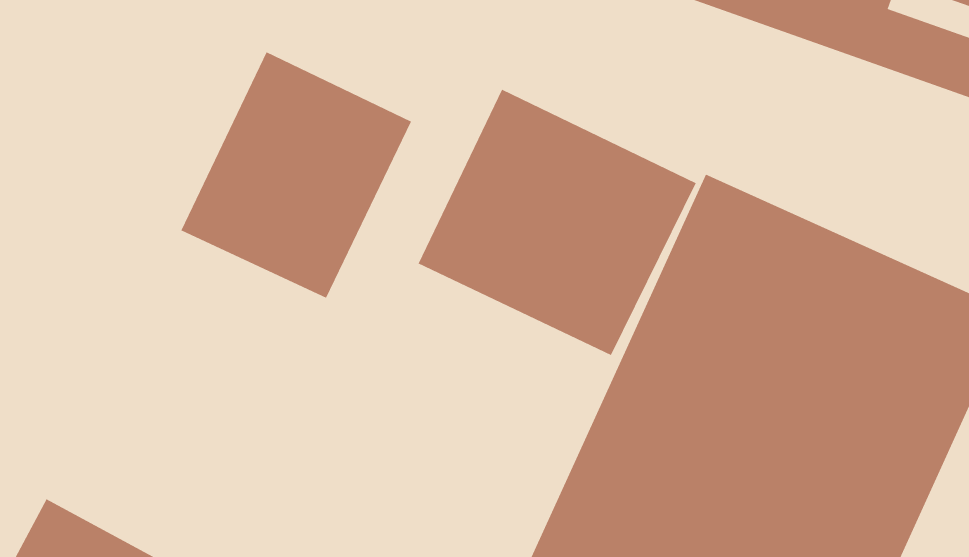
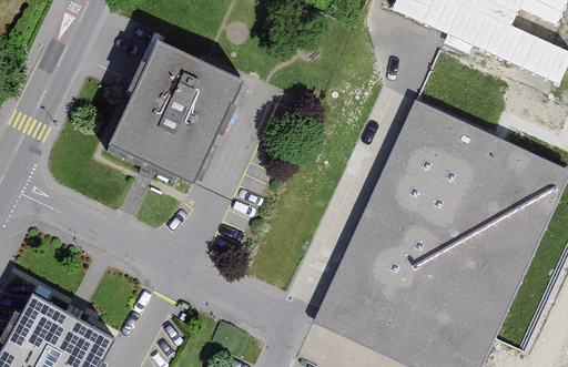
building: [418,89,697,356] -> none

